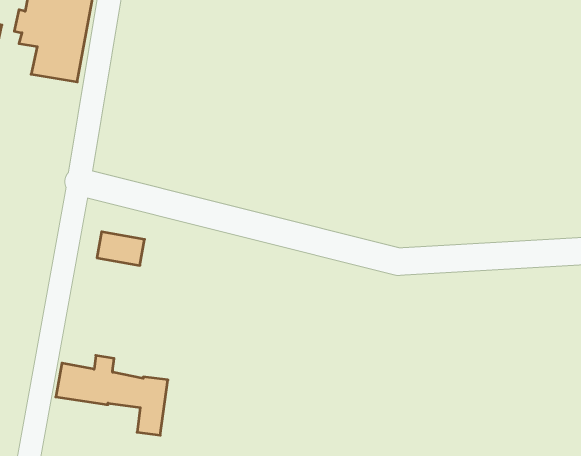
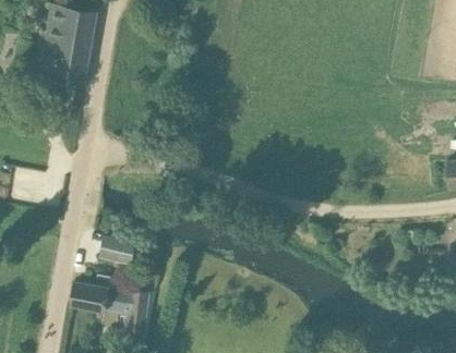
building: [97,232,145,265] -> [99,238,133,261]

